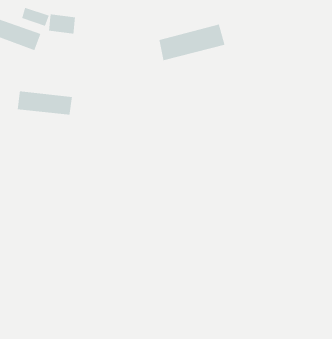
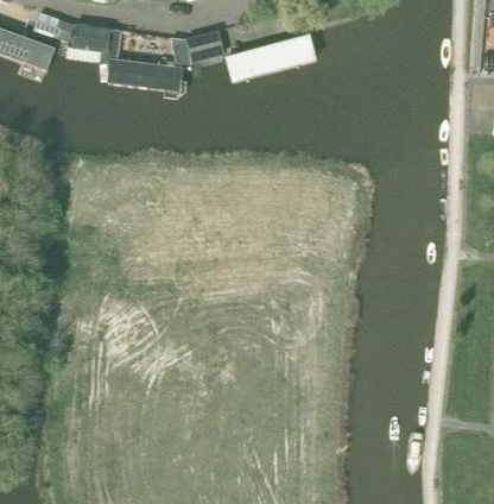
building: none -> [184,29,223,61]
building: [17,90,73,116] -> [106,58,185,94]

